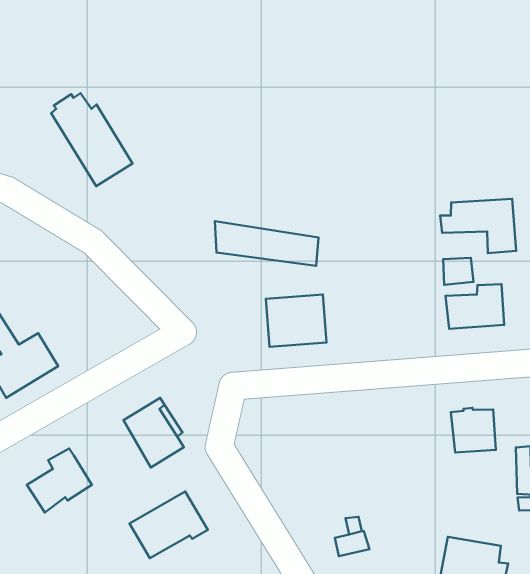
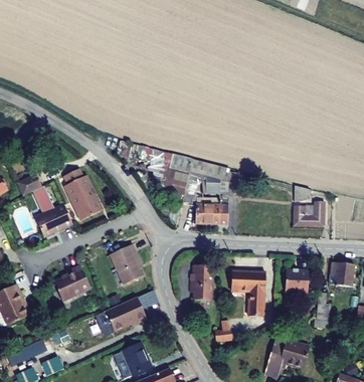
building: [51,93,133,186] -> [64,168,106,219]
building: [440,199,516,253] -> none
building: none -> [192,265,212,301]
building: none -> [231,272,266,317]

